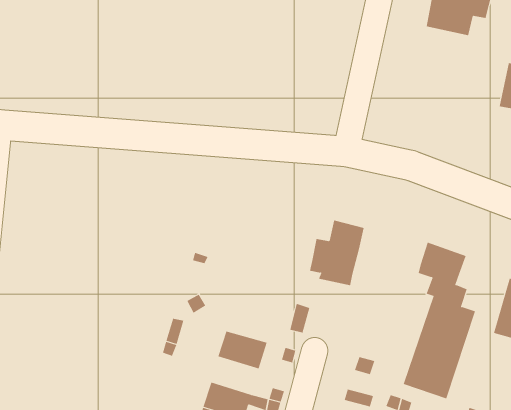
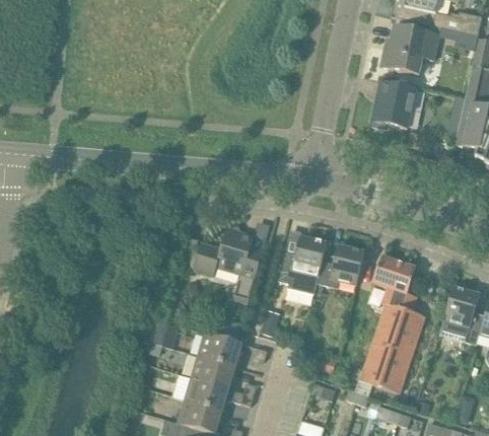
building: none -> [369,79,416,128]
building: none -> [193,227,263,303]
building: none -> [317,244,364,287]
building: none -> [192,355,234,388]

